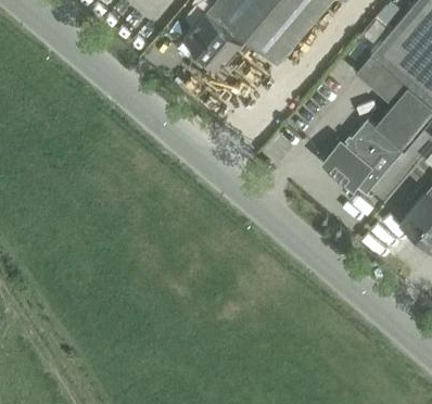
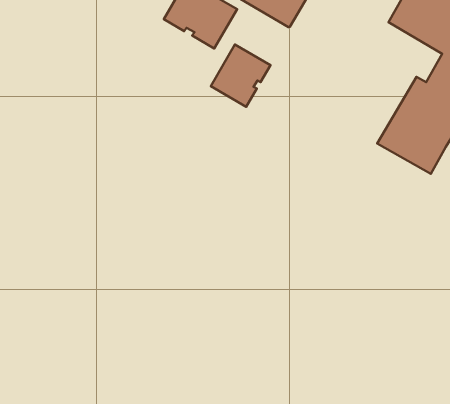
building: none -> [211,44,270,107]

